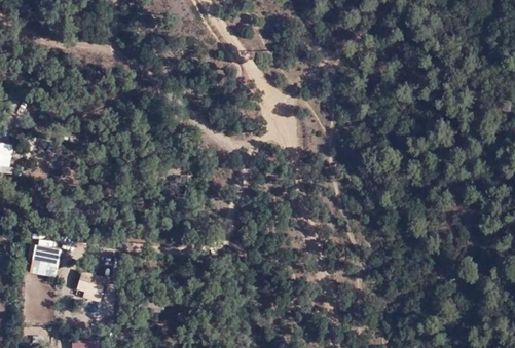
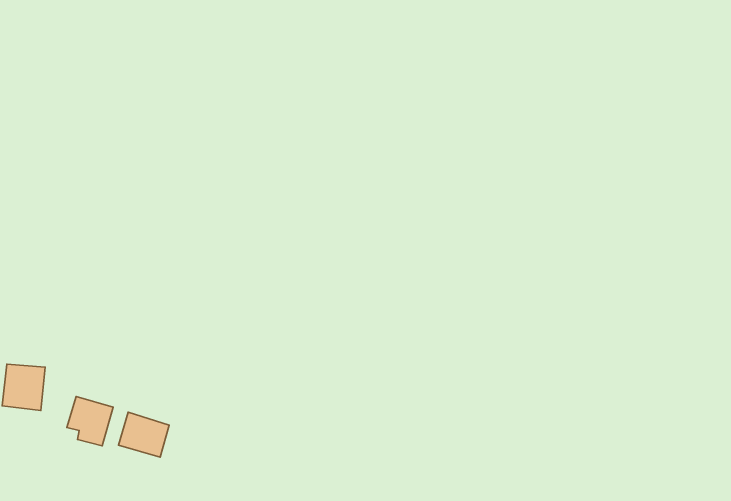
building: none -> [118,412,169,457]

